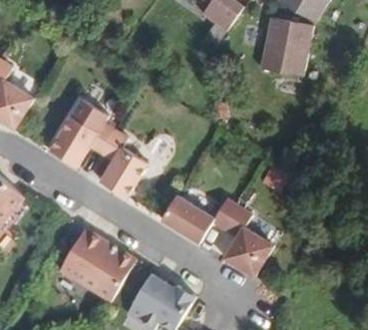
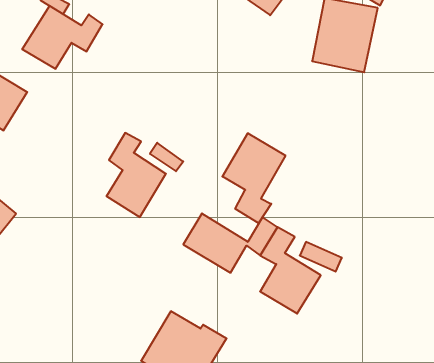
building: [46,113,111,164] -> [22,6,103,69]
building: none -> [222,133,285,223]
building: [57,227,134,300] -> none

